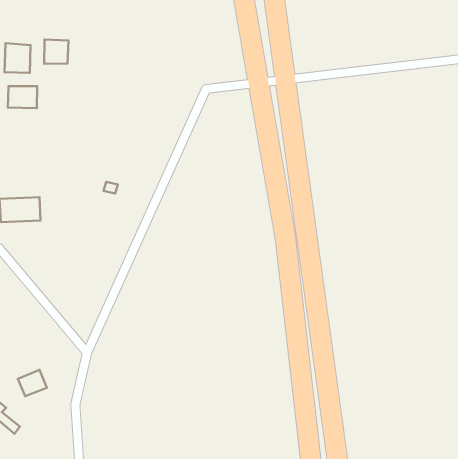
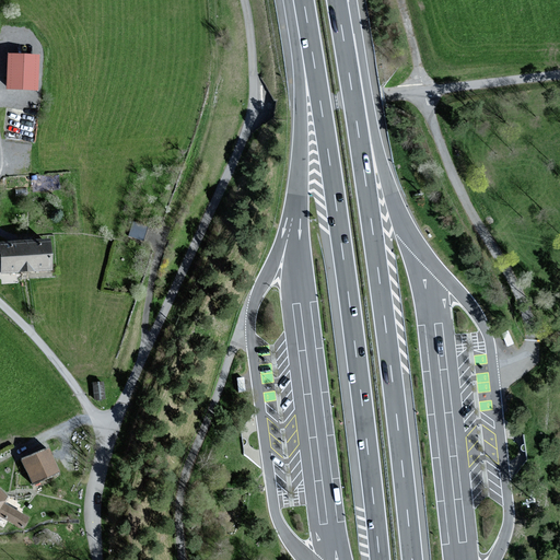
building: [44,40,68,64] -> none
building: [8,86,37,108] -> none

